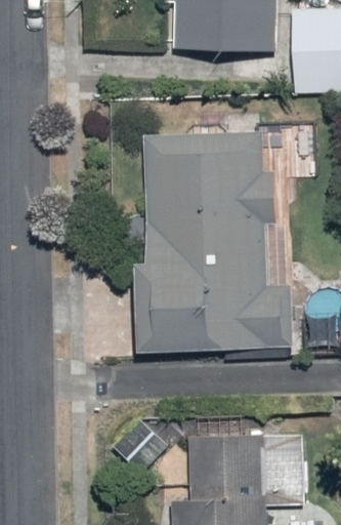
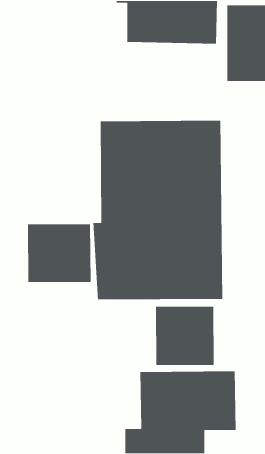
building: none -> [27,223,91,283]
building: none -> [155,306,215,366]

